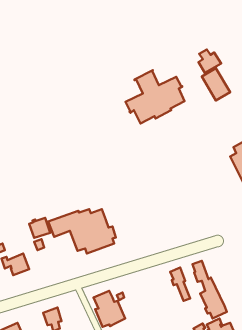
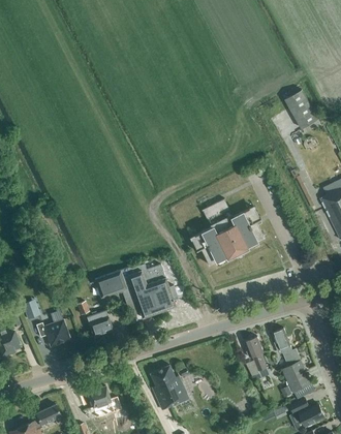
building: [199,50,221,73] -> none
building: [125,70,185,124] -> [190,198,264,265]
building: [29,218,50,238] -> [87,310,113,335]

